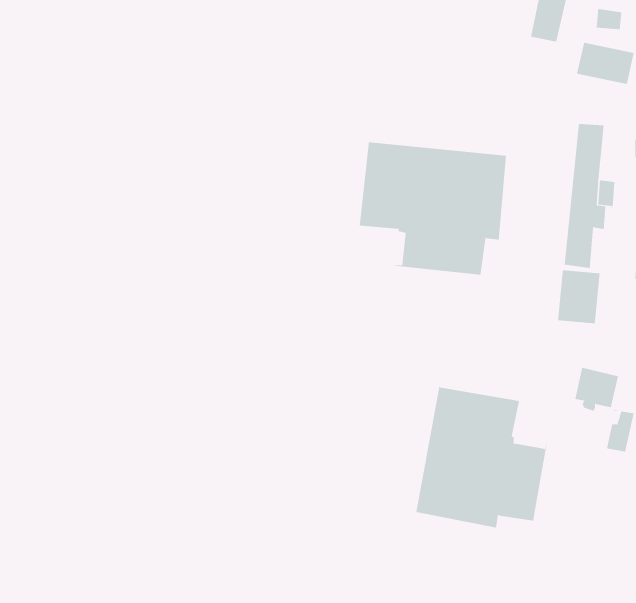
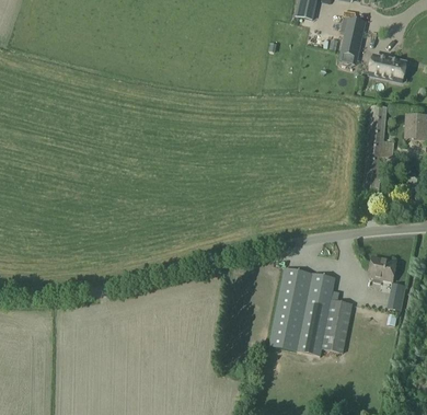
building: [359,141,507,275] -> none
building: [557,269,600,324] -> none

